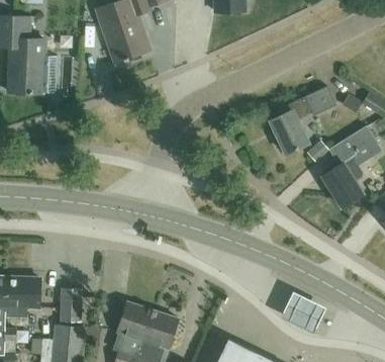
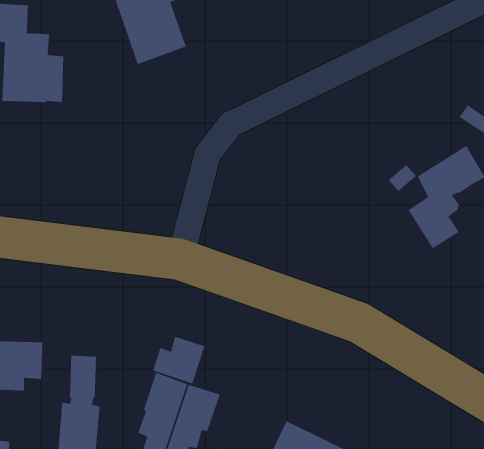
building: [269,86,334,154] -> none
building: none -> [152,336,206,384]
building: [280,290,325,333] -> none

